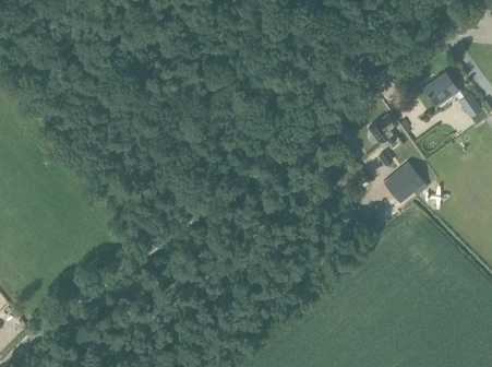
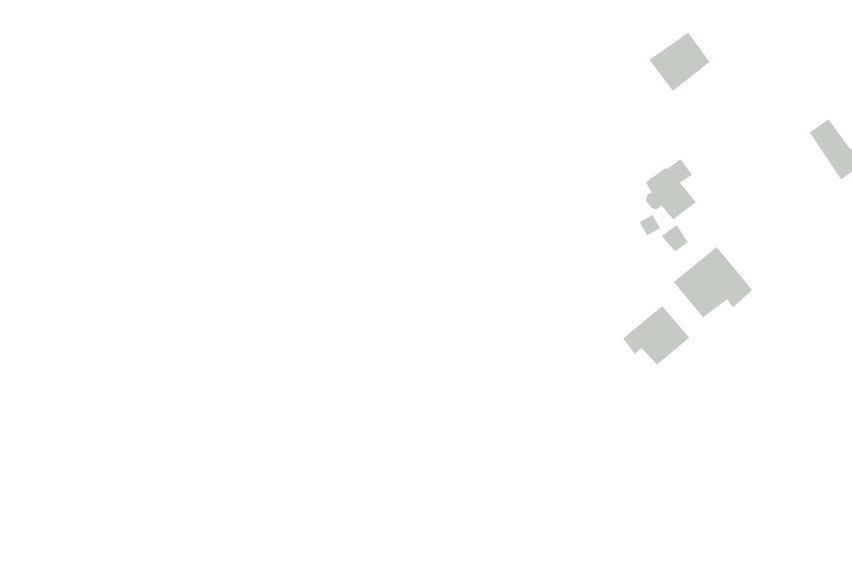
building: [422,72,456,105] -> [648,32,710,92]
building: none -> [622,305,690,365]

